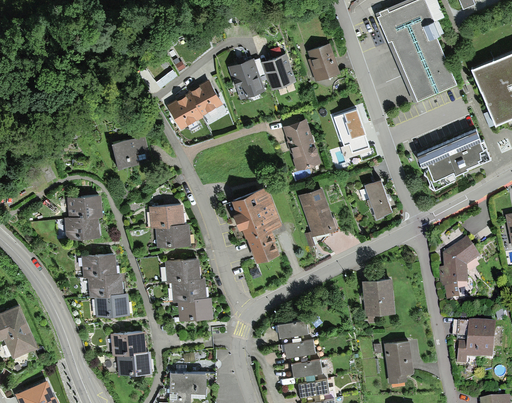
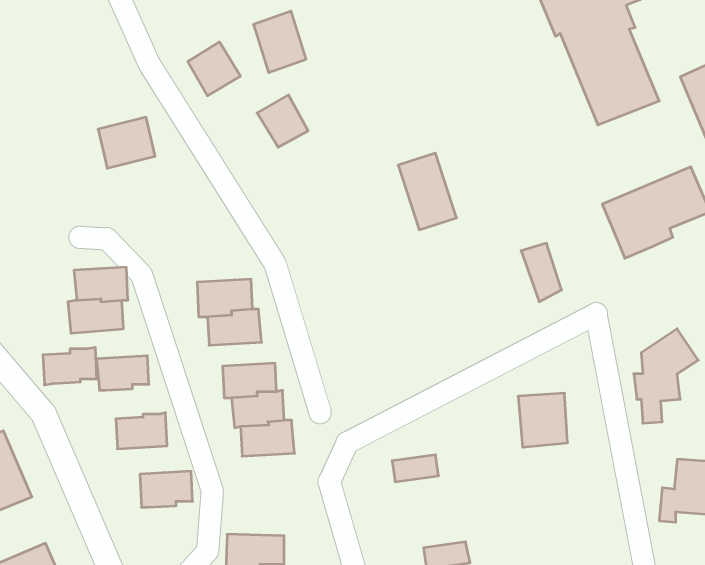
building: [308,45,340,82] -> none
building: [260,54,295,89] -> none
building: [229,58,264,99] -> [253,11,306,73]
building: [167,92,202,128] -> [188,42,240,96]
building: [333,109,378,160] -> none
building: [113,134,151,168] -> [98,117,155,168]
building: [299,187,336,247] -> none
building: [223,188,282,264] -> none
building: [87,272,123,297] -> [43,347,97,385]
building: [284,338,315,357] -> none
building: [384,341,413,383] -> none
building: [115,350,152,374] -> none
building: [292,358,323,377] -> none

